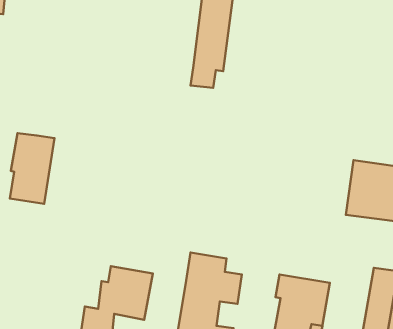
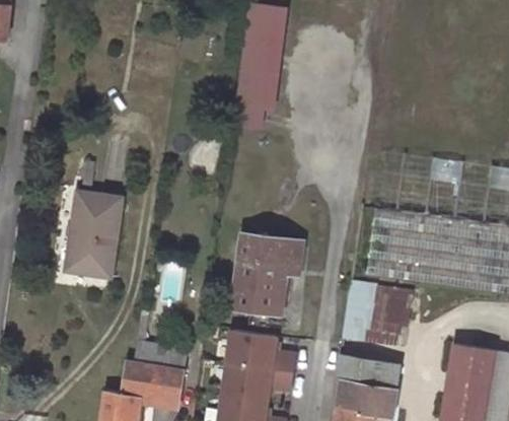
building: [10,133,54,204] -> [70,193,124,278]
building: none -> [369,210,430,282]
building: none -> [234,234,303,313]
building: none -> [344,284,414,346]

